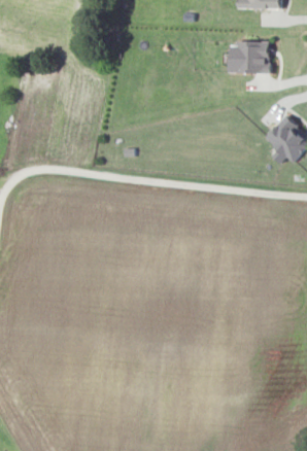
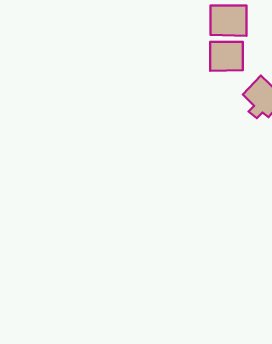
building: none -> [210,42,243,71]

